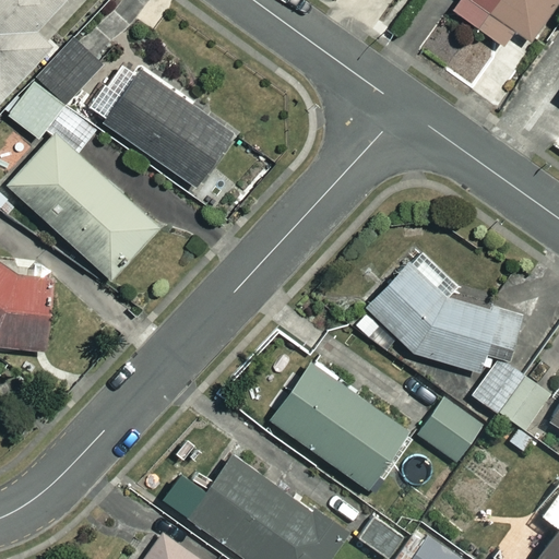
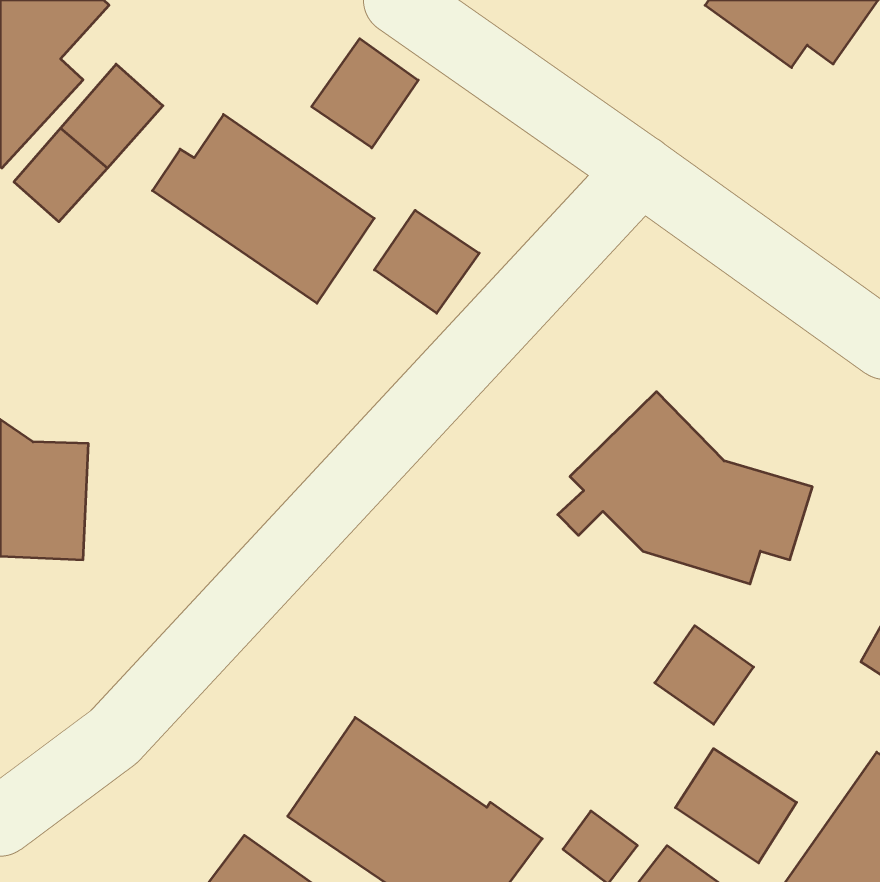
building: none -> [312,39,418,148]
building: [13,110,162,282] -> none
building: none -> [374,210,479,313]
building: [471,356,547,428] -> [675,749,797,863]
building: [265,359,405,486] -> none

